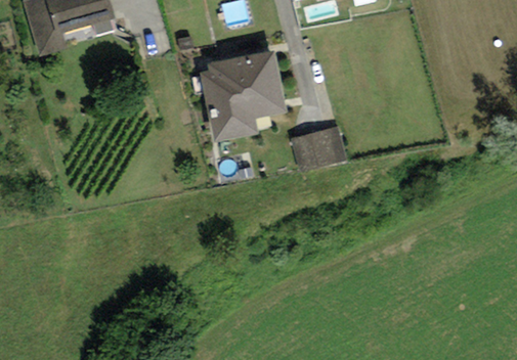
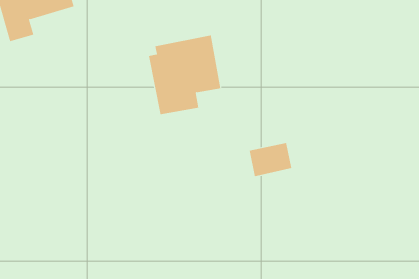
building: [295,133,345,173] -> [249,143,292,177]

